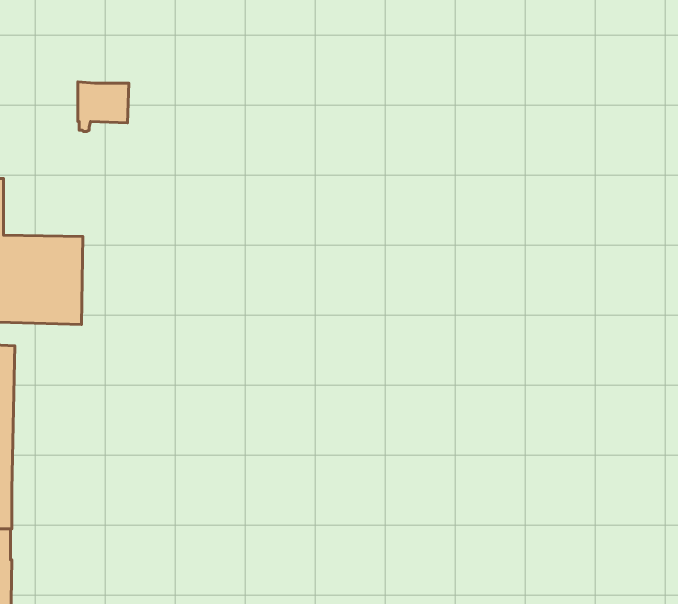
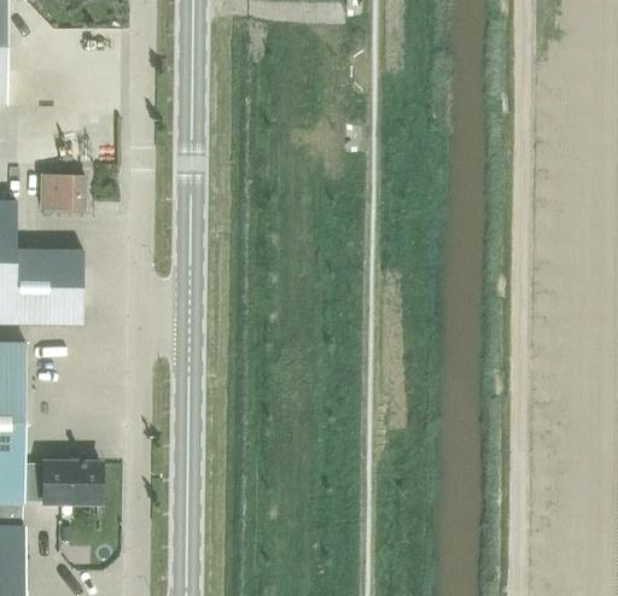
building: [78,82,129,132] -> [41,175,84,217]
building: none -> [22,461,99,503]

